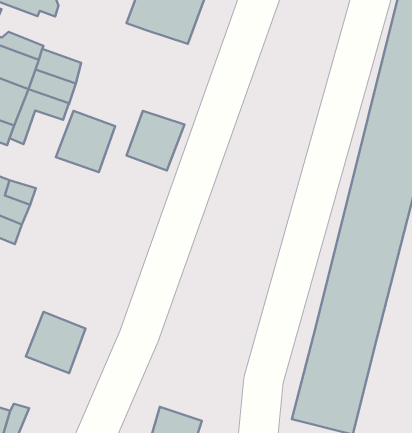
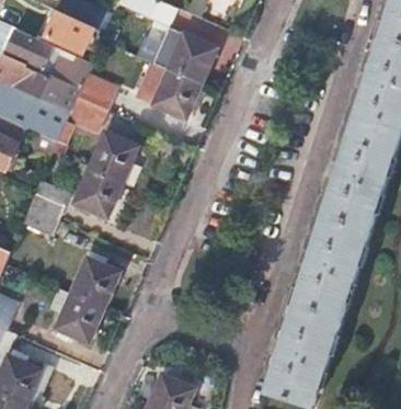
building: [126,111,184,171] -> [151,70,199,120]
building: none -> [72,168,122,217]
building: none -> [70,257,118,307]

